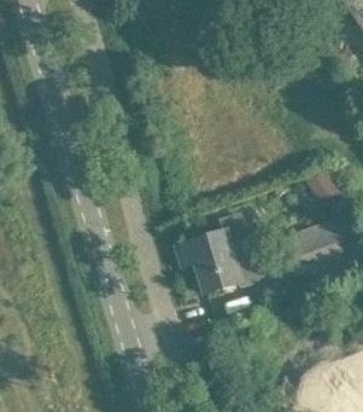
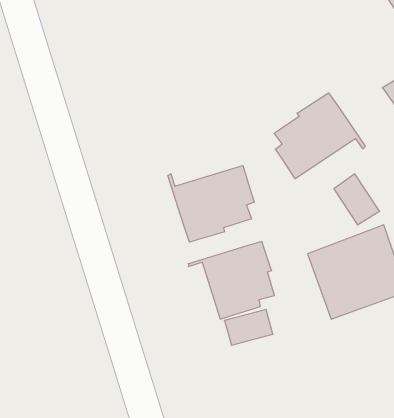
building: none -> [274,93,365,179]
building: none -> [168,166,254,242]

